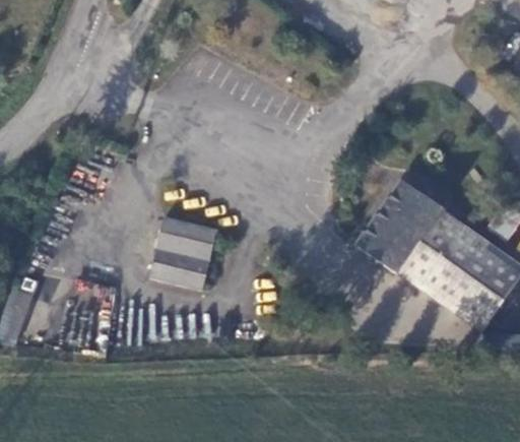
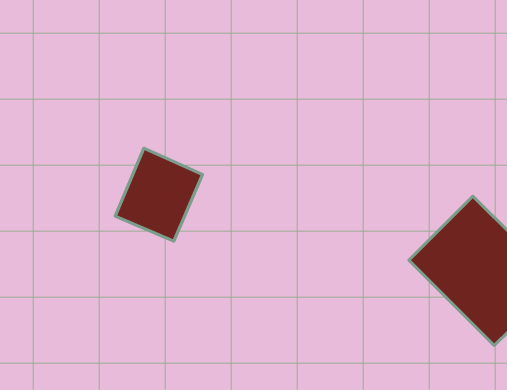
building: [358,179,444,270] -> none

